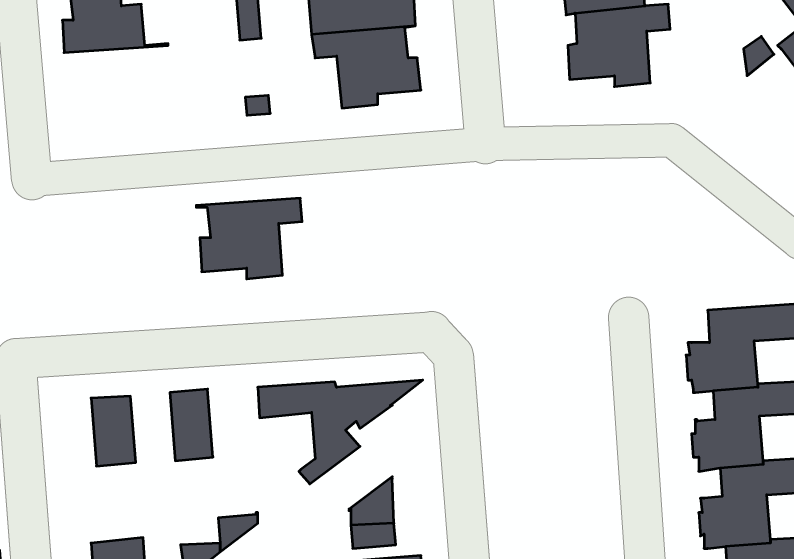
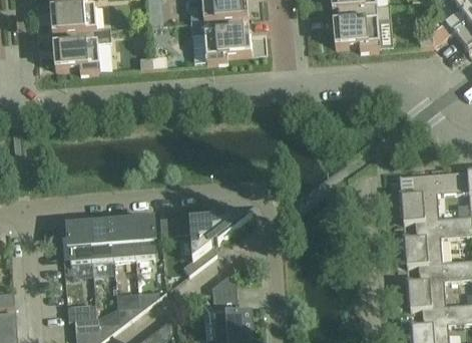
building: [196,198,302,279] -> [52,28,111,73]
building: none -> [132,220,158,259]
building: none -> [89,223,114,262]

